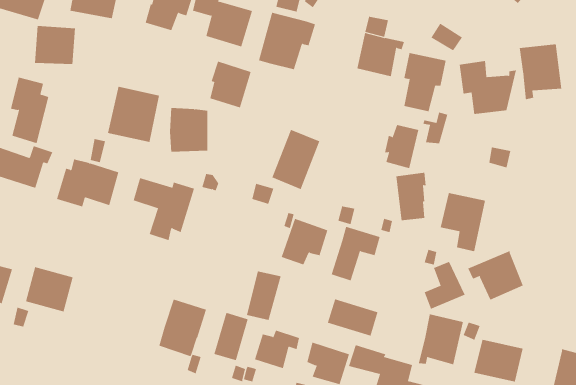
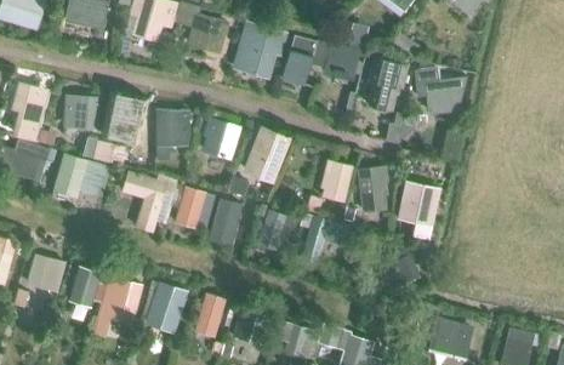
building: none -> [284,34,327,82]
building: [34,25,76,64] -> [63,95,101,130]
building: [519,44,562,100] -> none
building: [210,61,251,108] -> [203,116,240,159]
building: [384,124,419,169] -> [321,162,353,203]
building: none -> [173,187,205,229]
building: [467,250,523,301] -> none
building: [246,271,281,321] -> [210,199,241,244]
building: none -> [68,266,101,308]
building: none -> [93,276,143,335]
building: [327,298,378,336] -> none
building: [418,313,463,365] -> none

